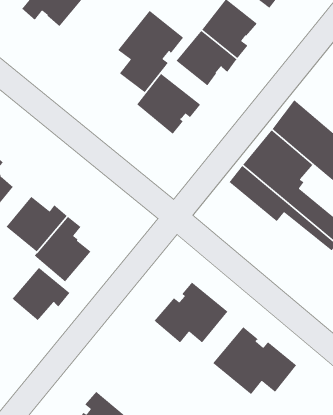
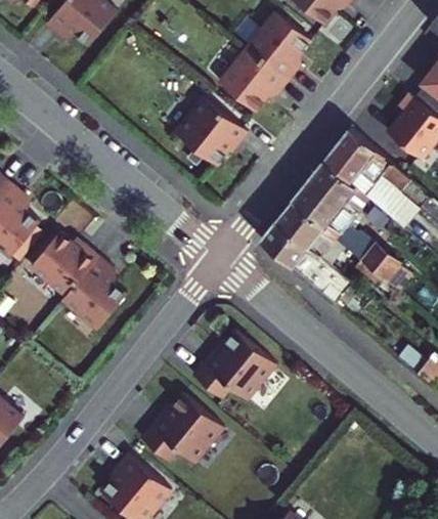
building: [117,10,184,93] -> none
building: none -> [260,219,353,303]
building: [12,267,71,321] -> none
building: [212,326,297,395] -> none
building: none -> [140,393,223,463]

